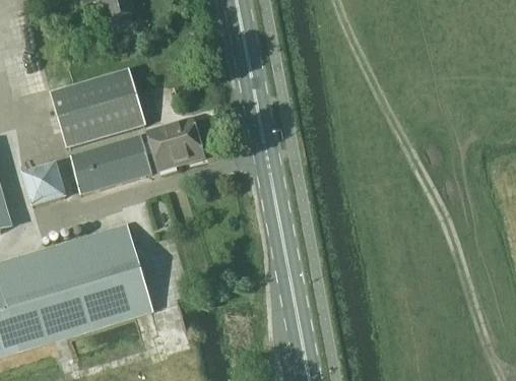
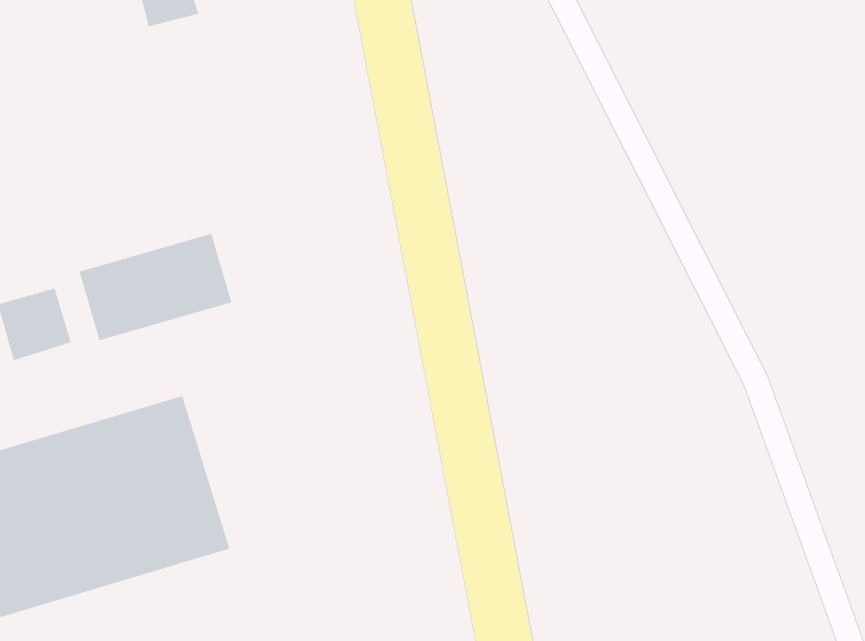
building: [51,69,145,147] -> none
building: [149,118,205,170] -> none

